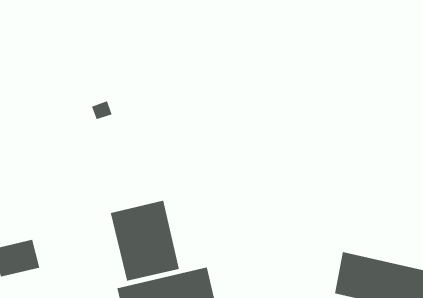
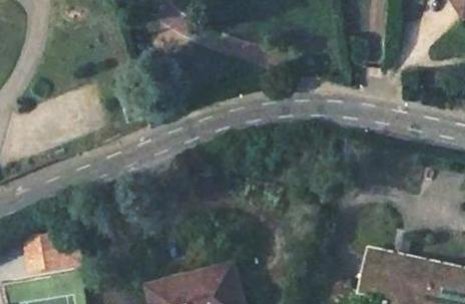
building: [110,200,180,282] -> none

